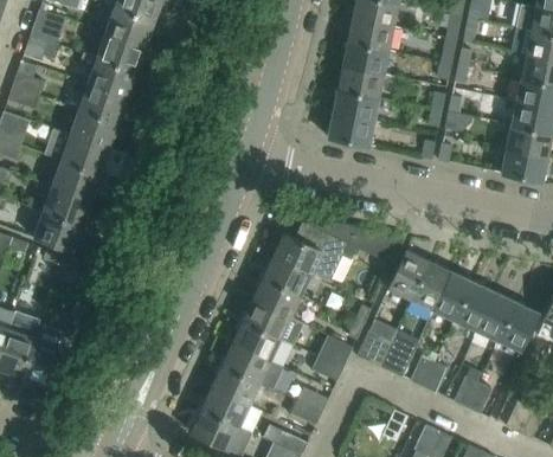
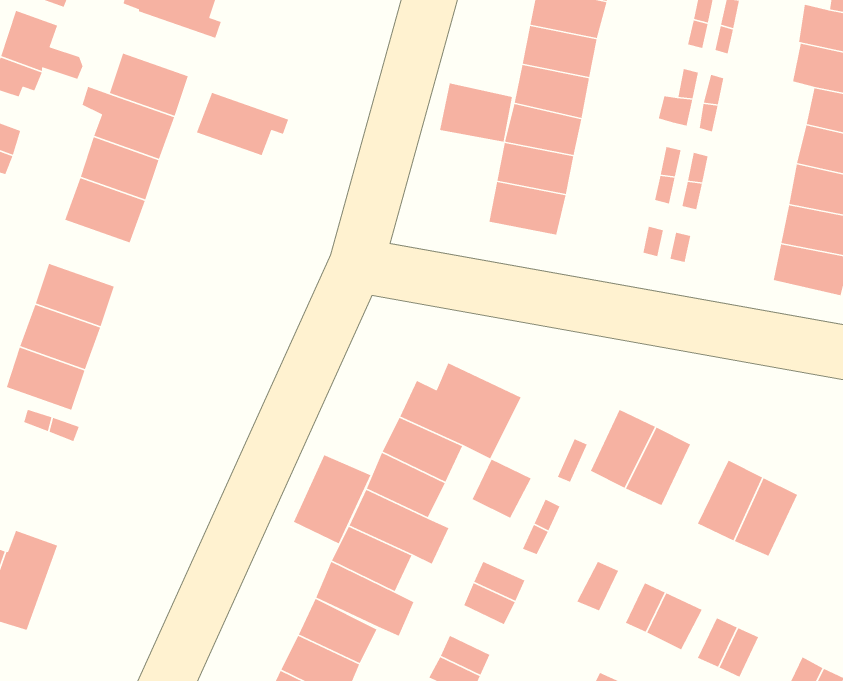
building: [105,8,162,47] -> [196,92,289,156]
building: none -> [439,83,513,142]
building: [45,130,110,175] -> none
building: [433,271,474,320] -> none
building: none -> [293,454,371,545]
building: [499,302,539,350] -> none
building: [358,330,394,367] -> [472,459,532,519]

